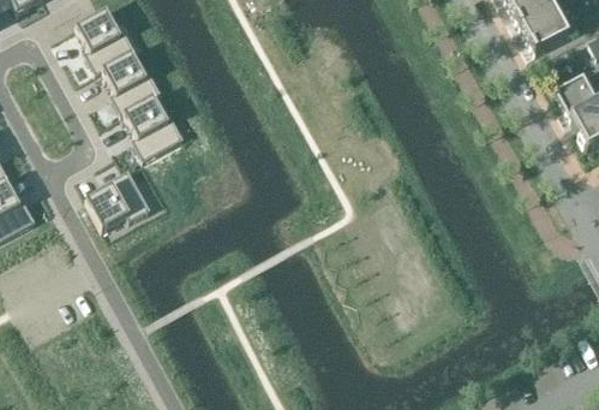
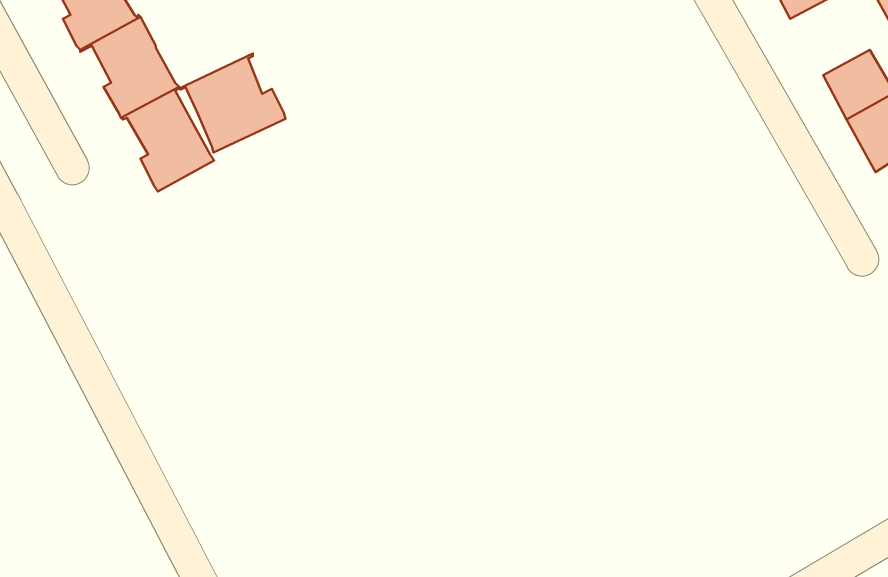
building: none -> [179,54,286,152]
building: [88,167,150,227] -> none

